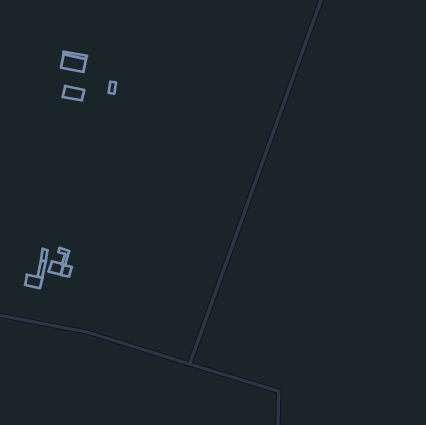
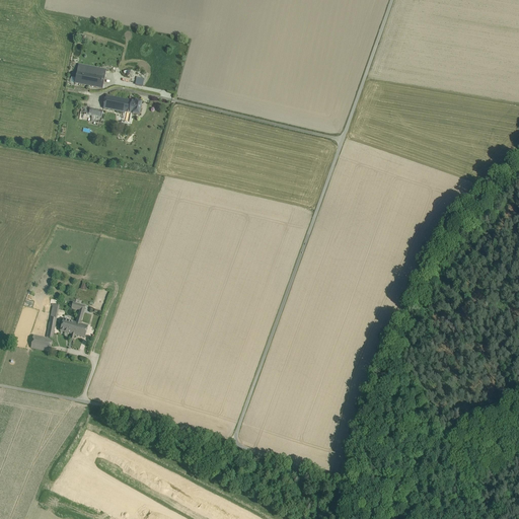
building: none -> [102,94,130,122]

